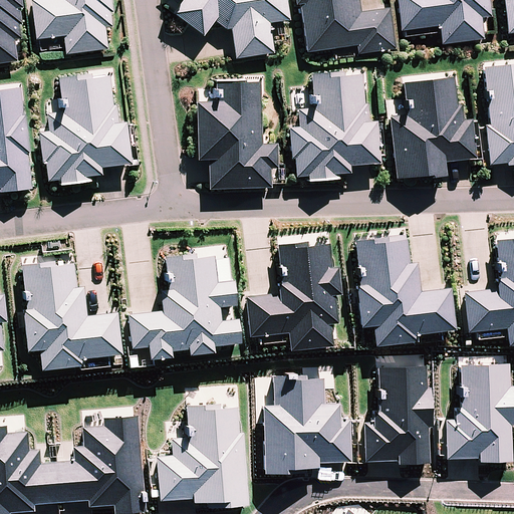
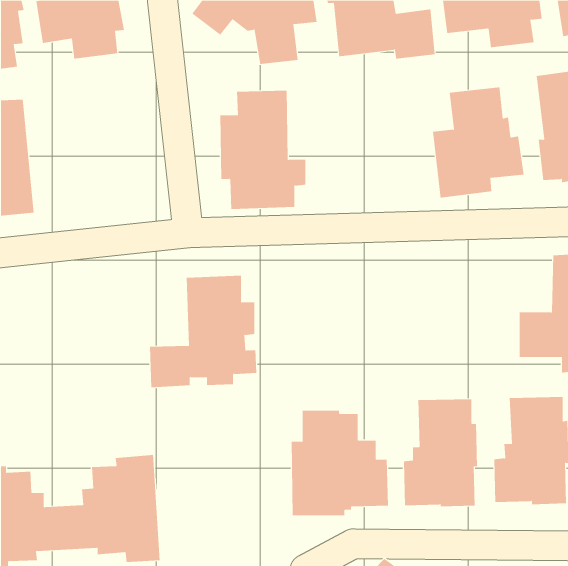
building: [290,75,378,183] -> none
building: [44,79,132,186] -> none
building: [359,236,446,343] -> none
building: [255,237,336,343] -> none
building: [23,259,117,360] -> none
building: [158,401,248,504] -> none

